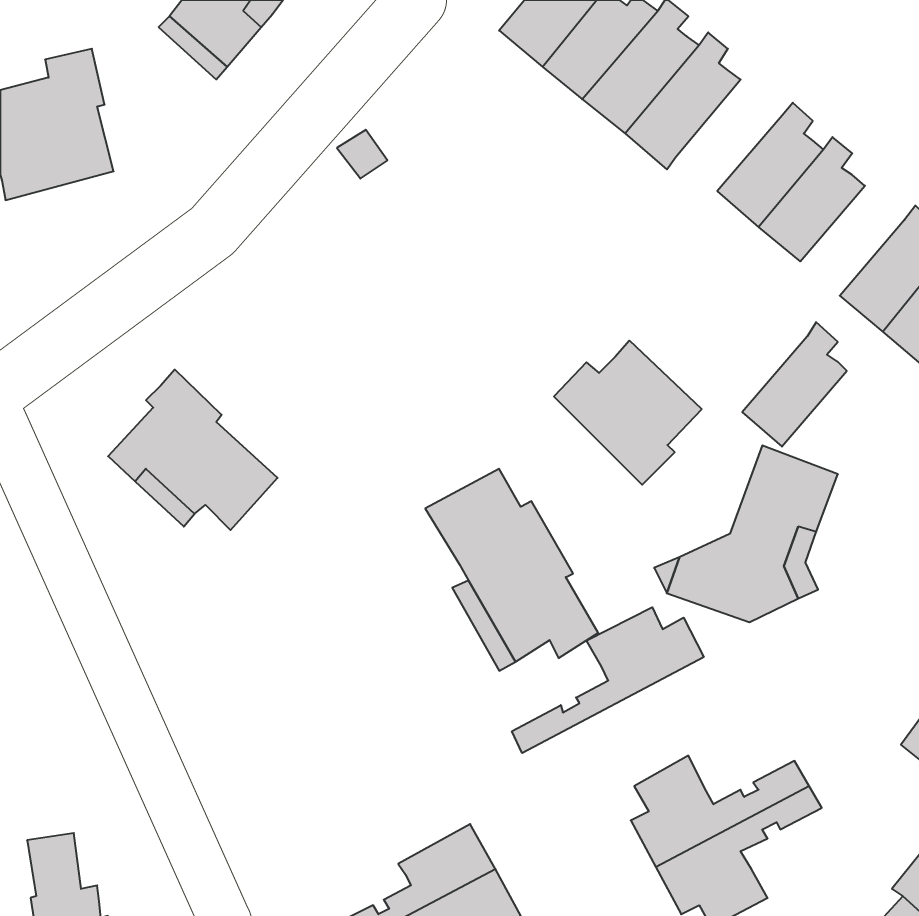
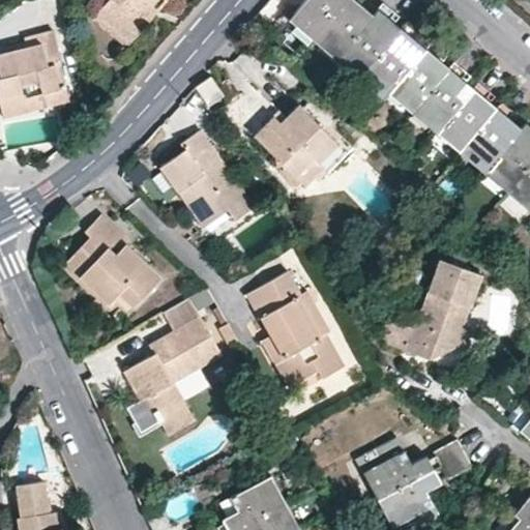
building: none -> [389,41,450,113]
building: none -> [160,129,254,227]
building: [742,322,847,447] -> [461,101,521,173]
building: [554,341,702,485] -> [254,104,338,186]
building: none -> [124,297,223,436]
building: [512,607,704,753] -> none

